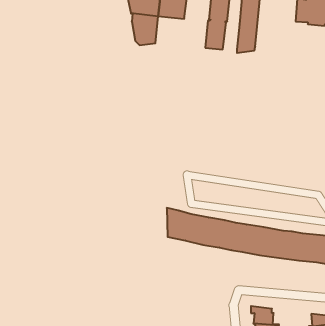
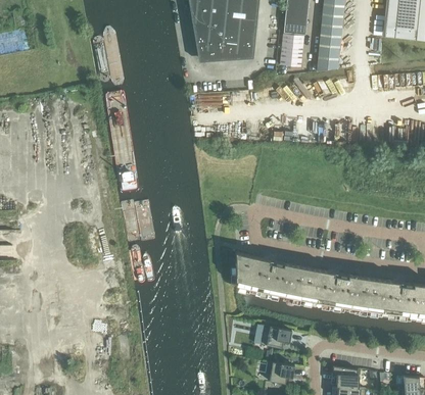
building: none -> [222,28,255,59]
building: none -> [259,324,291,348]
building: none -> [263,359,294,383]

